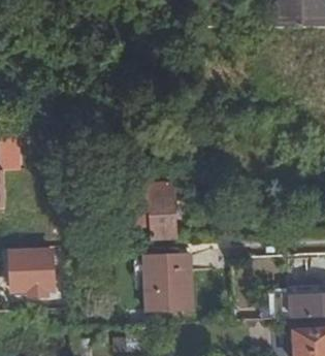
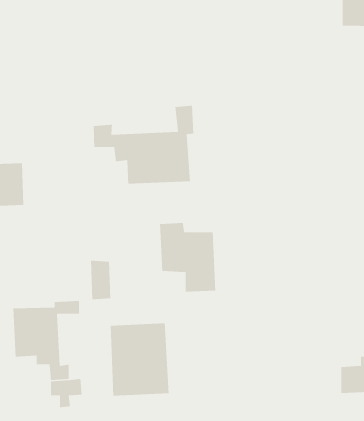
building: none -> [93,105,194,185]
building: [144,254,192,313] -> [110,322,169,396]

